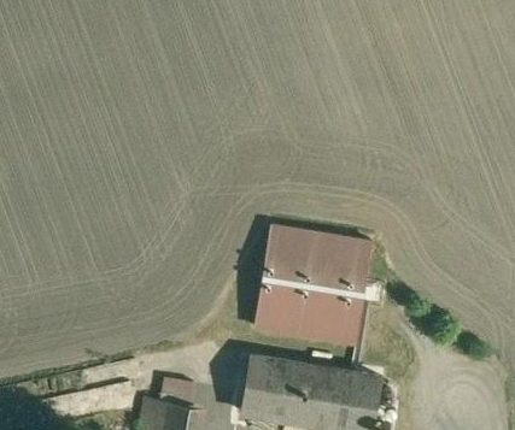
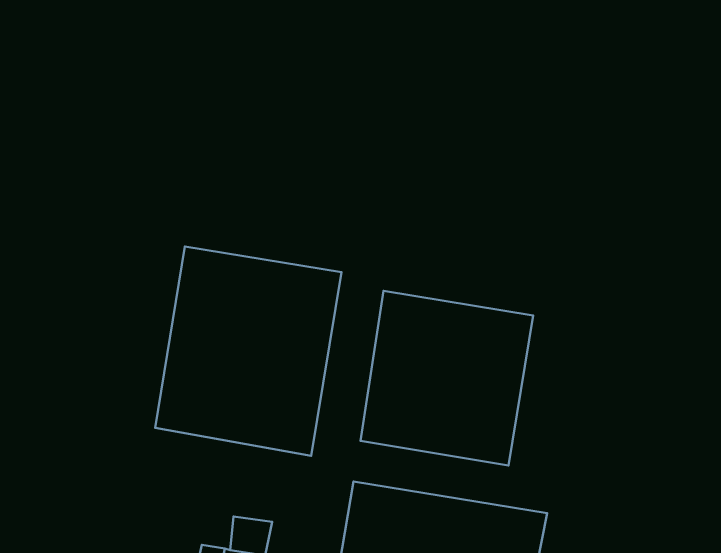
building: none -> [155,247,341,456]

